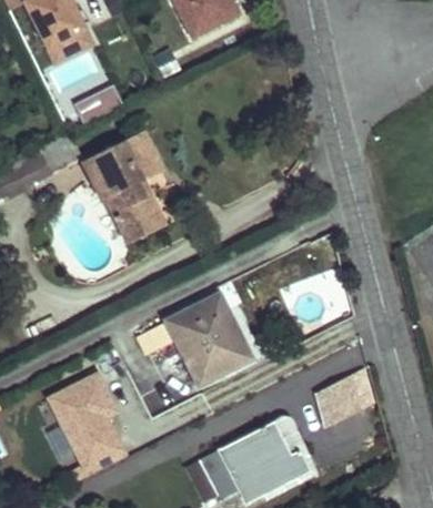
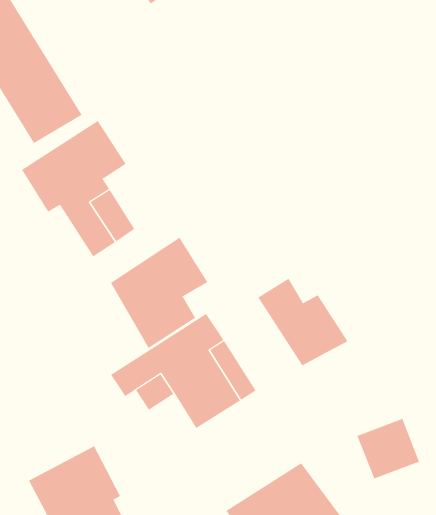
building: none -> [110,237,208,349]
building: none -> [258,278,348,366]

